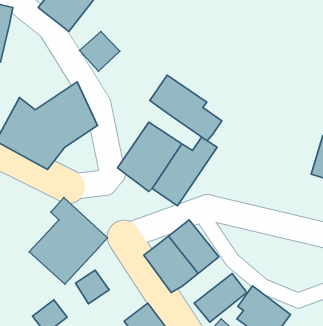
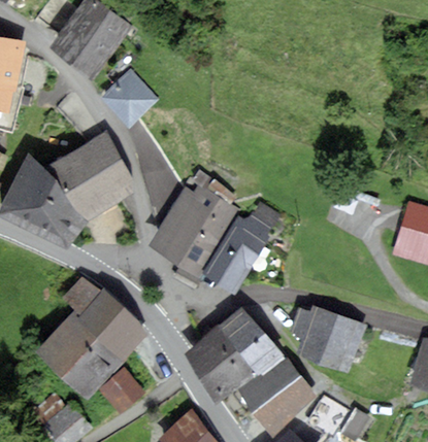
building: [150,75,222,141] -> none
building: none -> [294,306,364,367]
building: none -> [234,353,297,411]

